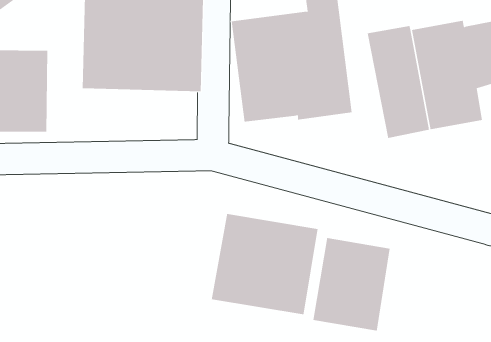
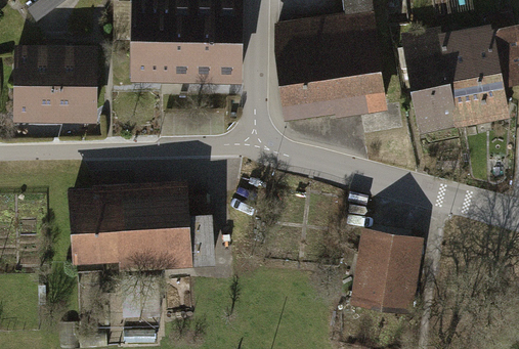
building: none -> [69,183,217,274]
building: [211,213,318,315] -> none

